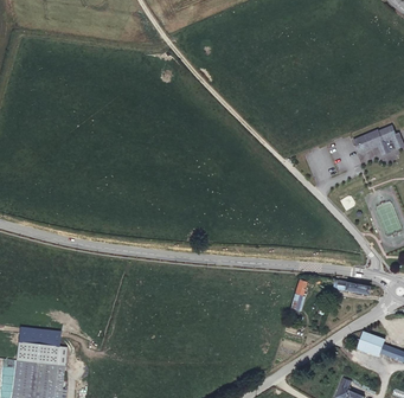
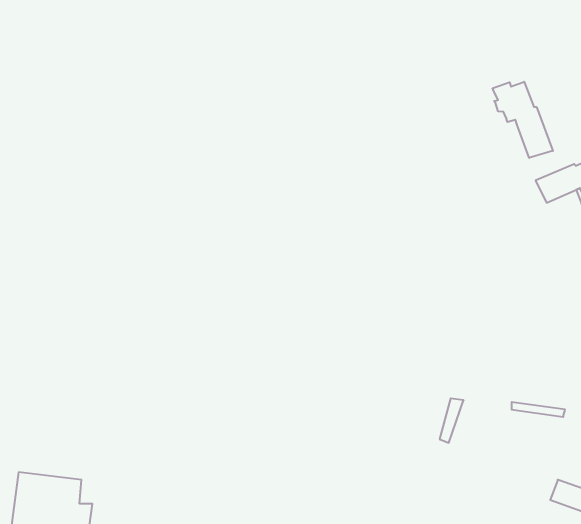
building: none -> [493,82,553,158]

